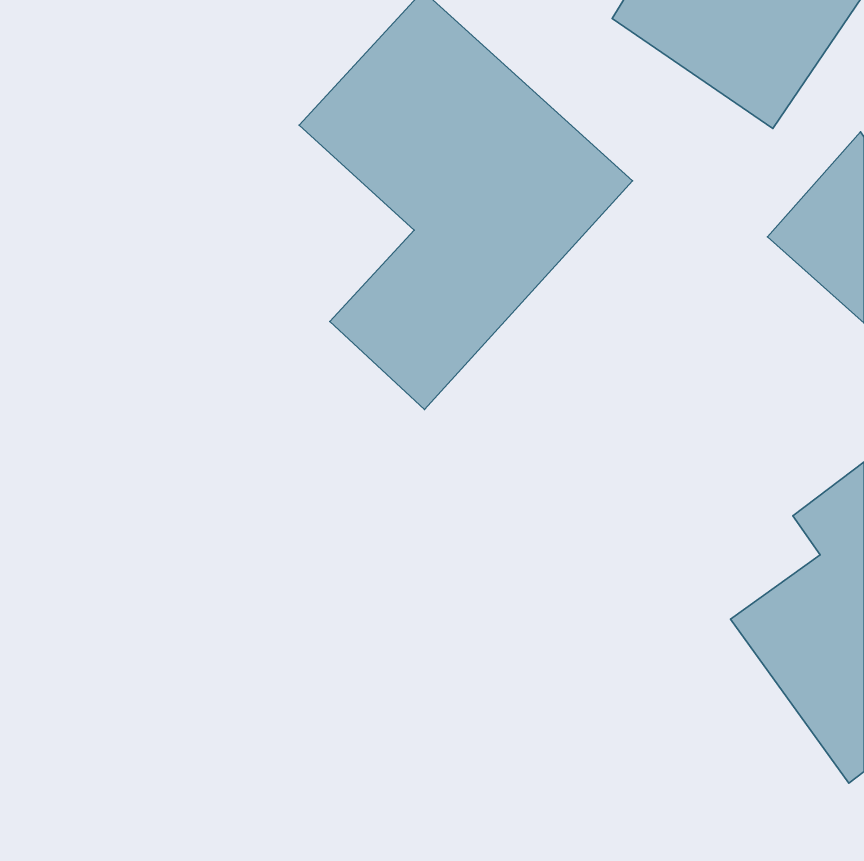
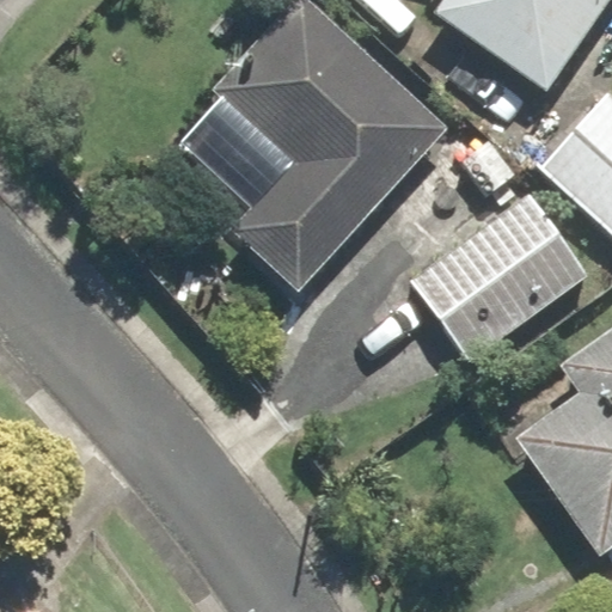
building: none -> [411,195,587,357]

